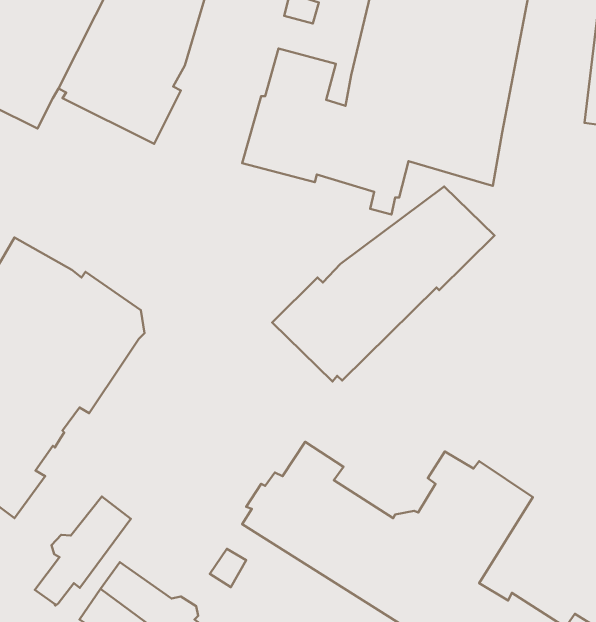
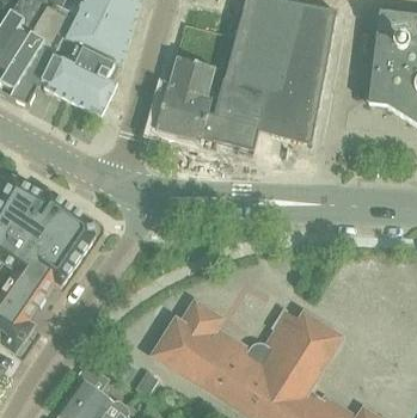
building: [272,186,495,381] -> none
building: [35,497,131,606] -> none

